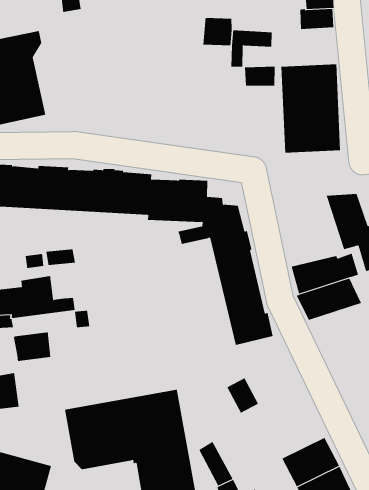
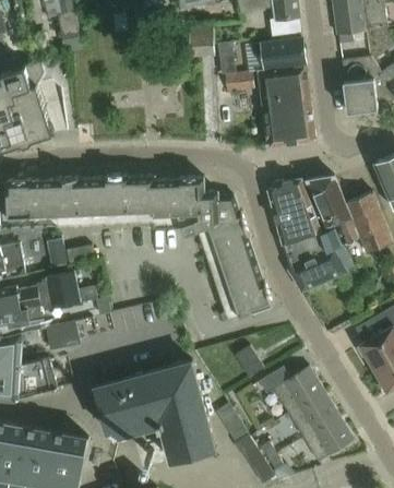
building: none -> [251,38,307,72]
building: none -> [267,180,321,246]
building: none -> [259,367,324,414]

